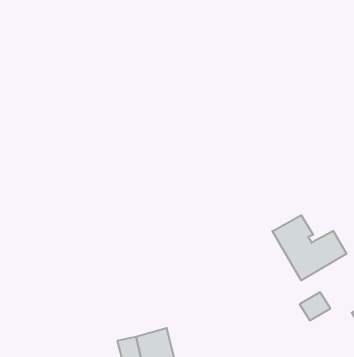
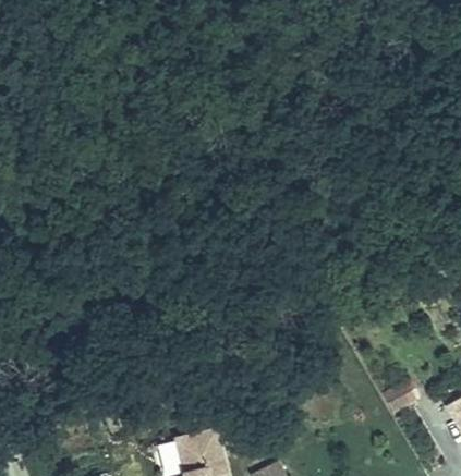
building: [272,215,347,280] -> none

